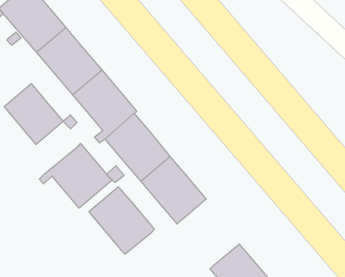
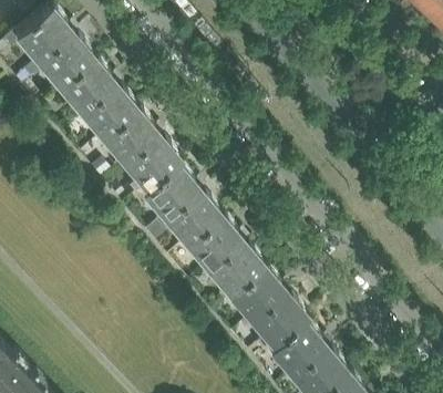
building: [4,84,63,145] -> none
building: [39,143,112,208] -> none
building: [89,187,154,254] -> [228,267,307,348]

